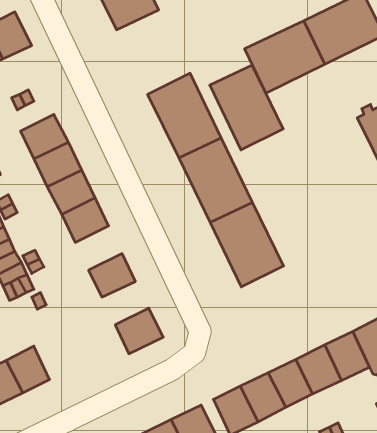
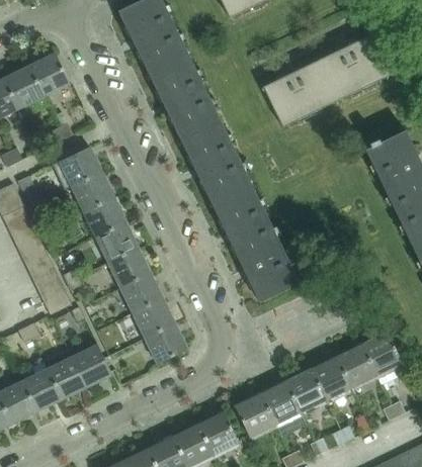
building: [210,65,283,150] -> [147,52,214,128]
building: none -> [109,248,152,288]
building: none -> [134,298,176,338]
building: none -> [72,345,112,387]

